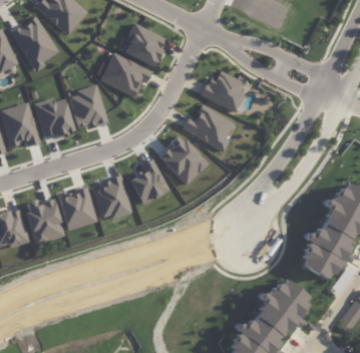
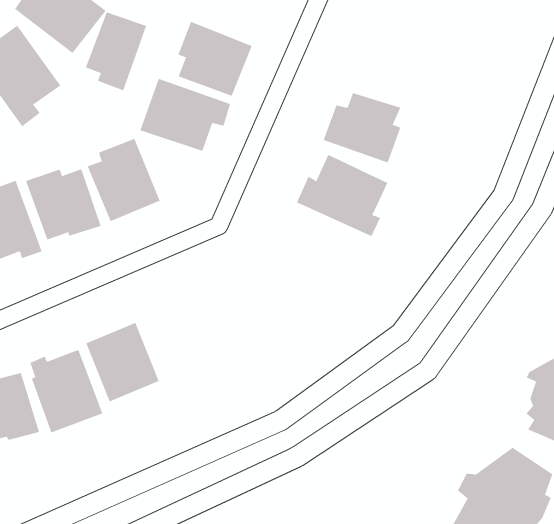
building: none -> [85,11,147,91]
building: [158,136,208,186] -> none
building: [129,158,170,205] -> none
building: [93,176,131,219] -> none

